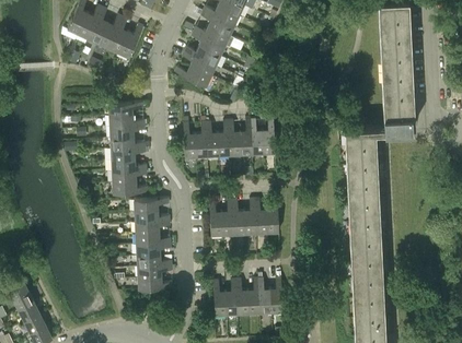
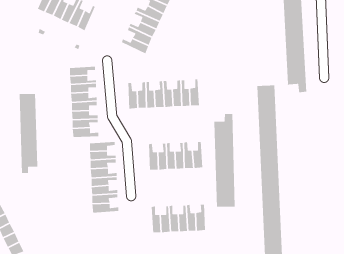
building: none -> [16,93,41,174]
building: none -> [211,113,239,208]

